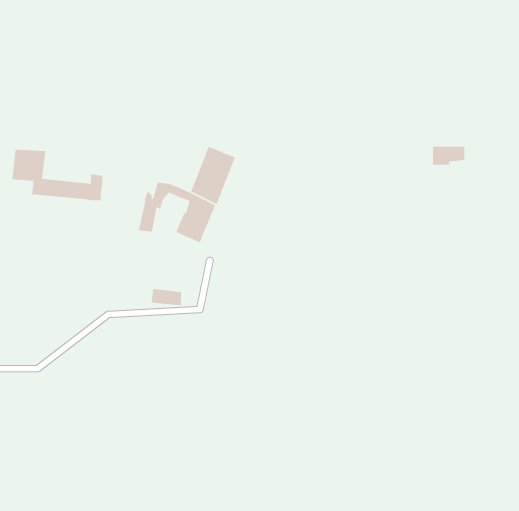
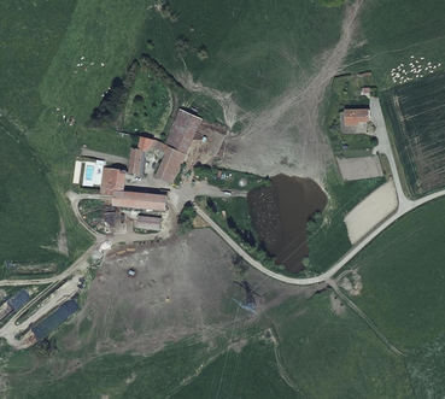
building: [12,149,103,201] -> [99,170,166,209]

